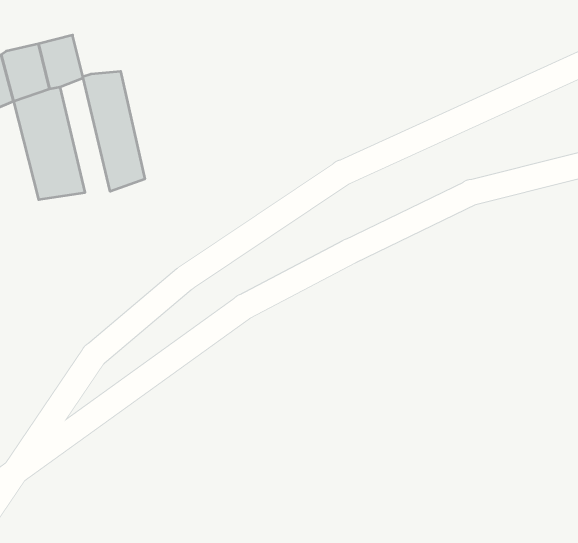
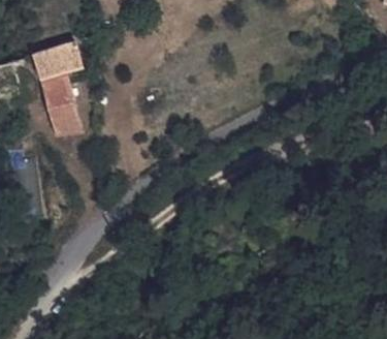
building: [83,71,145,191] -> none

